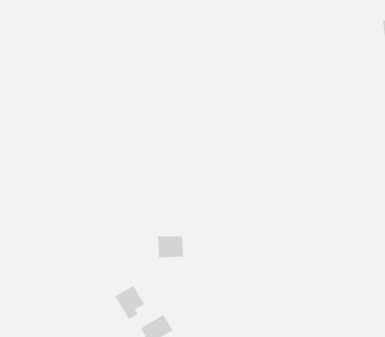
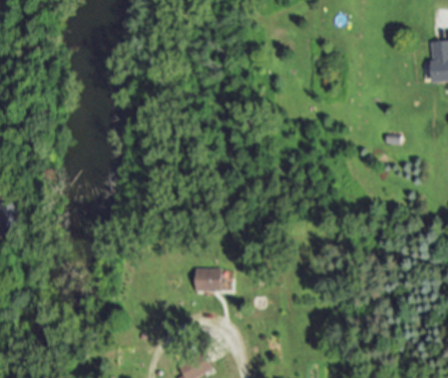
building: [114,285,145,320] -> none

